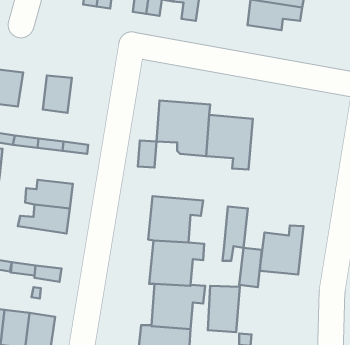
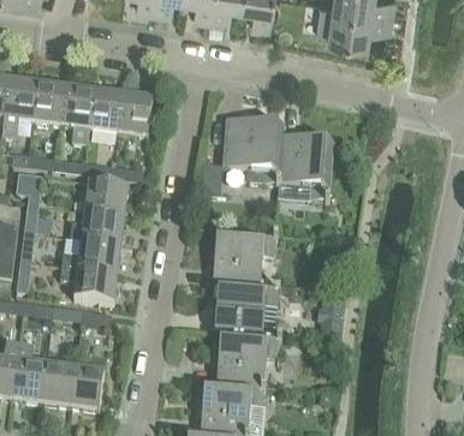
building: none -> [61,88,95,145]
building: none -> [119,94,154,138]
building: none -> [84,183,129,217]
building: [223,206,248,261] -> none
building: [260,225,303,274] -> none
building: none -> [60,267,118,304]
building: [208,286,240,332] -> none

